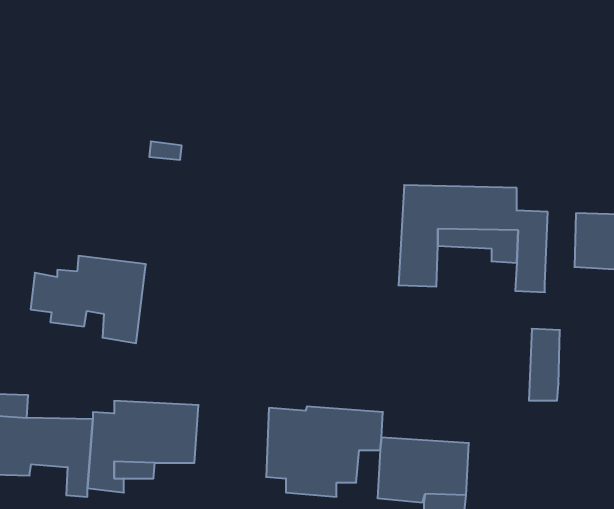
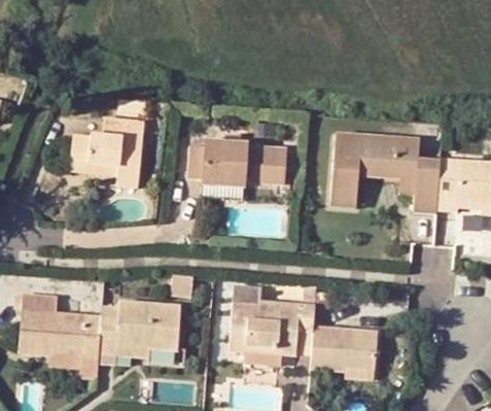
building: none -> [186,127,284,184]
building: [31,256,146,343] -> [81,124,166,187]
building: [529,329,560,401] -> [433,160,456,212]

